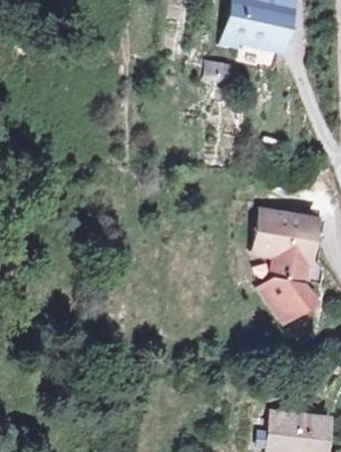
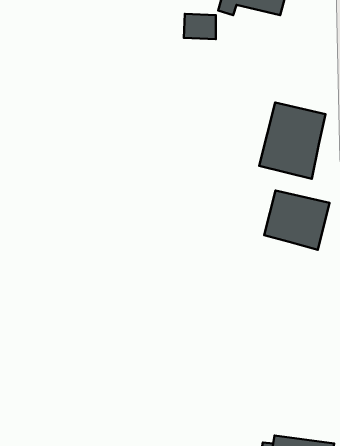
building: none -> [259,103,326,179]
building: [268,251,318,315] -> none

